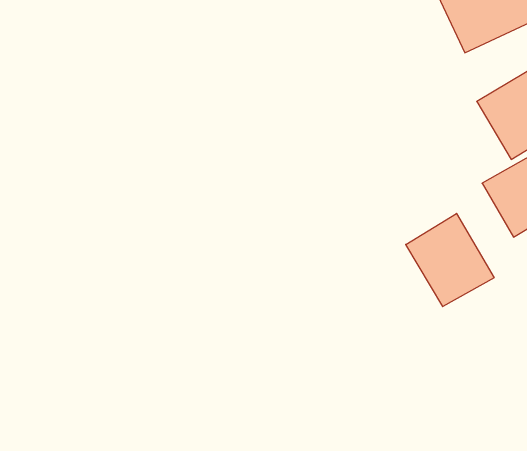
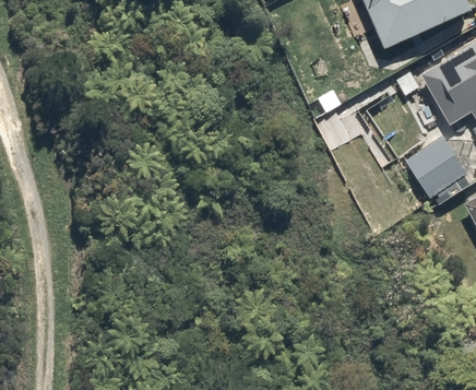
building: [406,213,494,307] -> none

